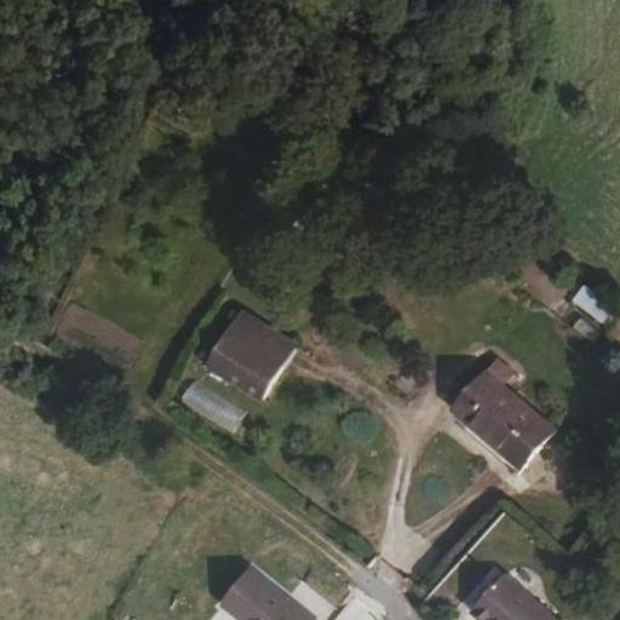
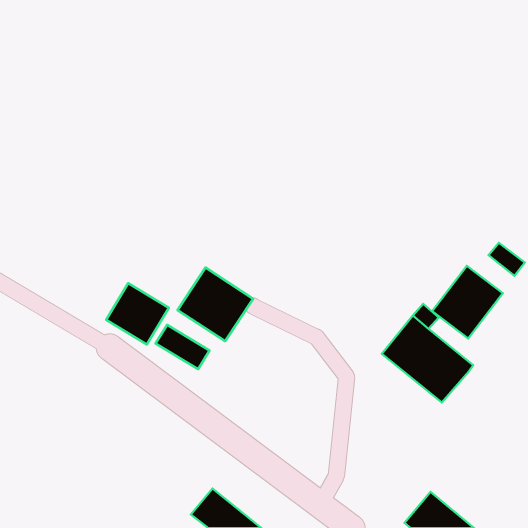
building: none -> [432,266,503,338]
building: none -> [106,283,169,344]

